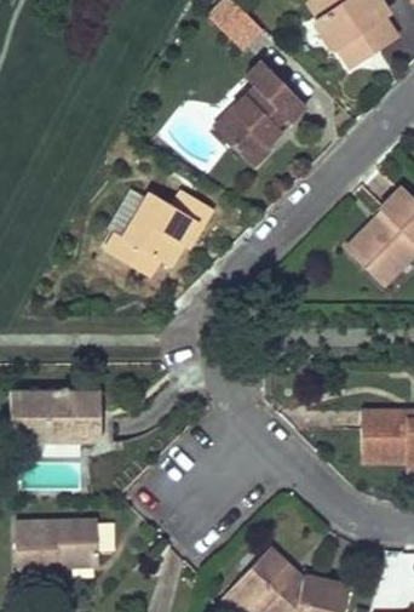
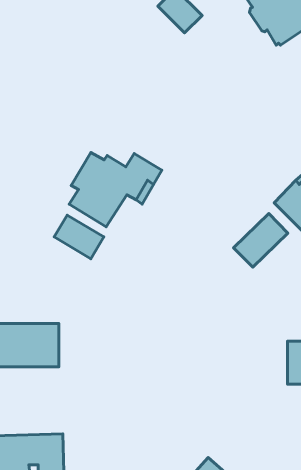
building: [214,61,306,167] -> none
building: none -> [234,213,288,267]
building: none -> [54,215,104,259]

